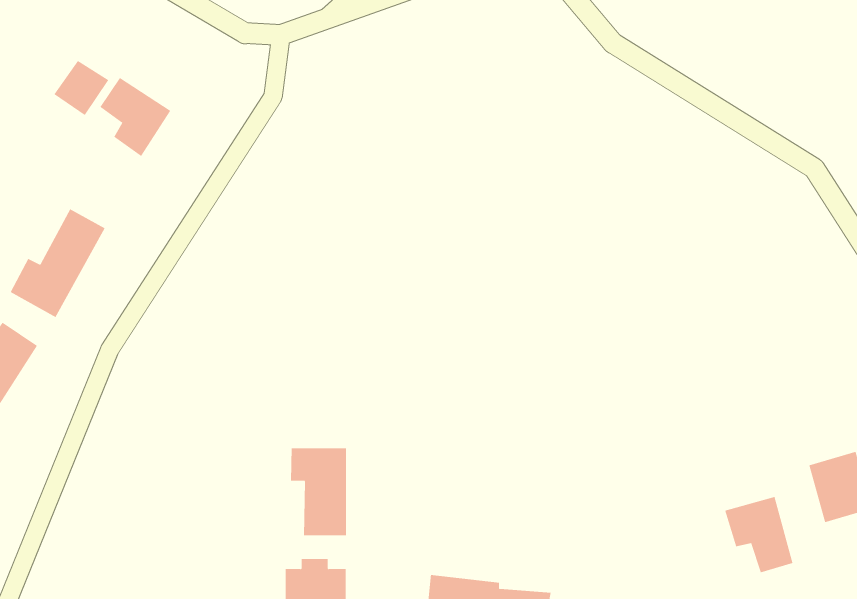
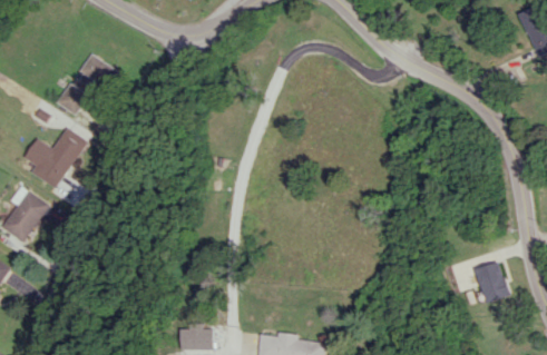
building: [53,60,109,116] -> [56,83,87,115]
building: [290,448,346,536] -> none
building: [724,496,793,573] -> none

